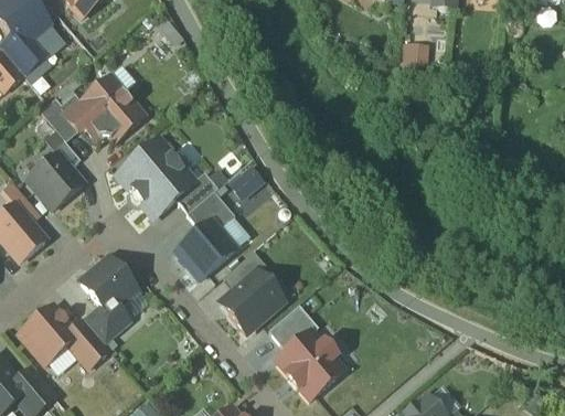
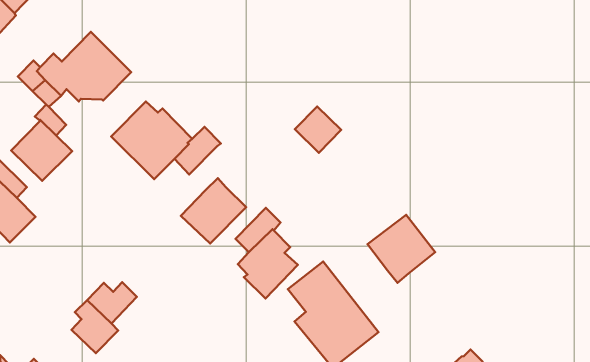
building: [228,162,270,204] -> [295,106,341,153]
building: [189,190,235,228] -> none
building: [82,256,137,312] -> none
building: none -> [367,215,435,283]
building: [21,305,78,362] -> none

